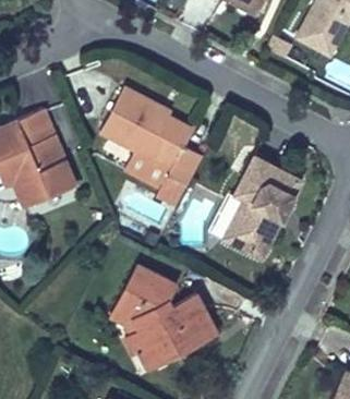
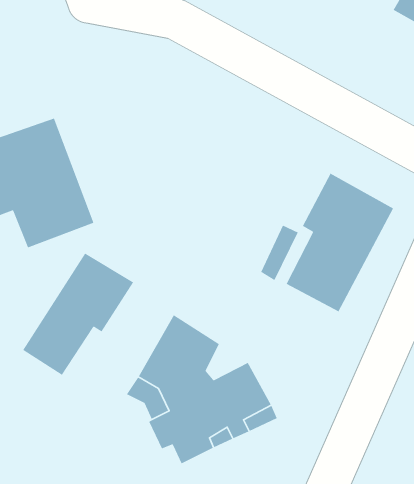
building: [98,84,203,205] -> none
building: none -> [22,252,134,376]

